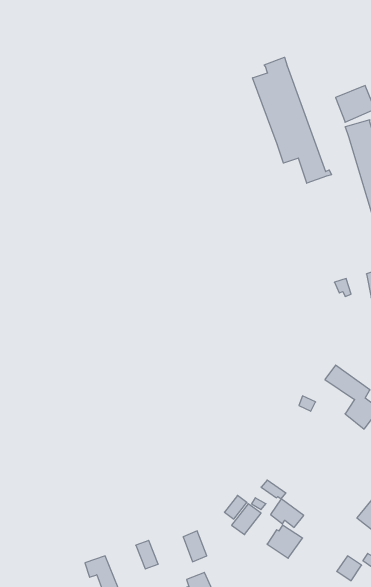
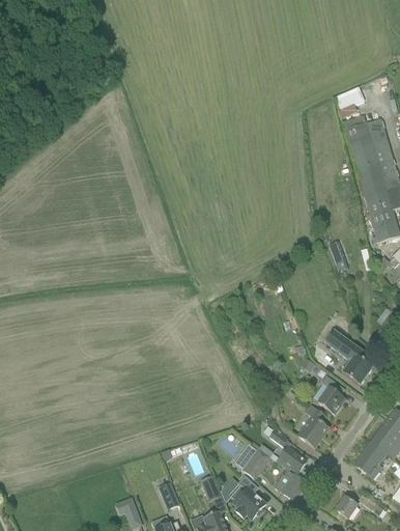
building: [253,57,332,183] -> none
building: none -> [317,375,344,414]
building: none -> [297,406,328,448]
building: none -> [230,476,265,520]

